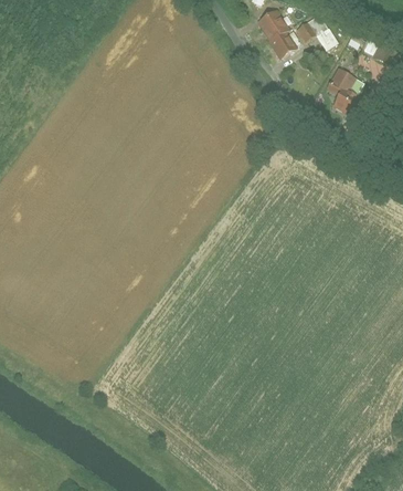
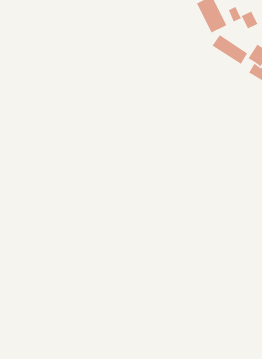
building: none -> [212,34,248,65]

